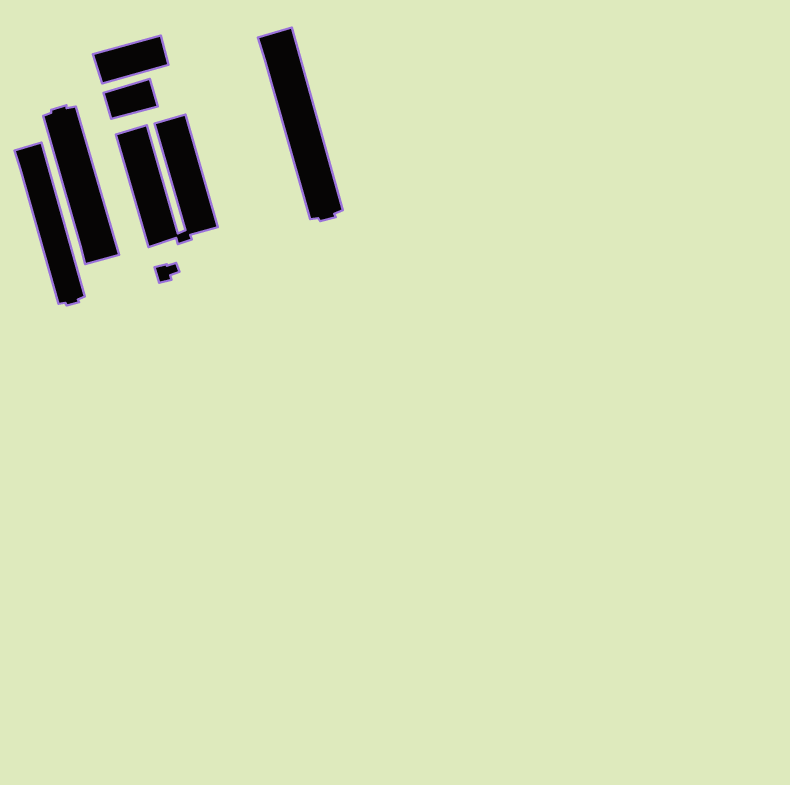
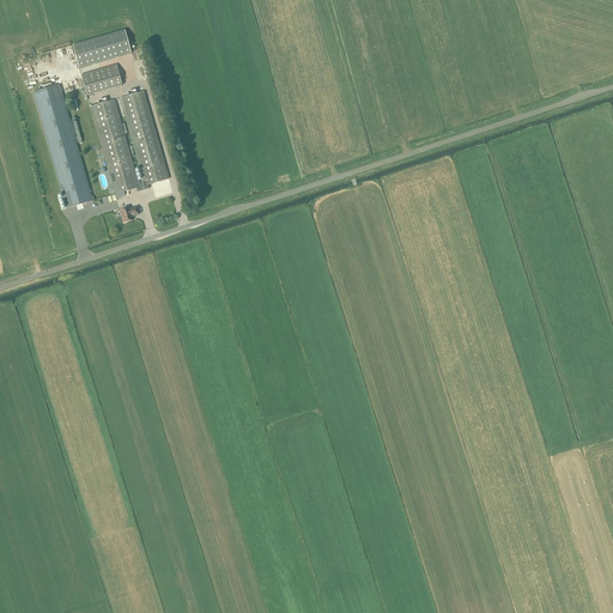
building: [258,27,343,221] -> none
building: [14,142,85,306] -> none

